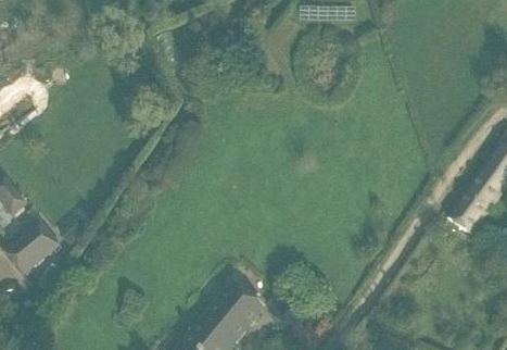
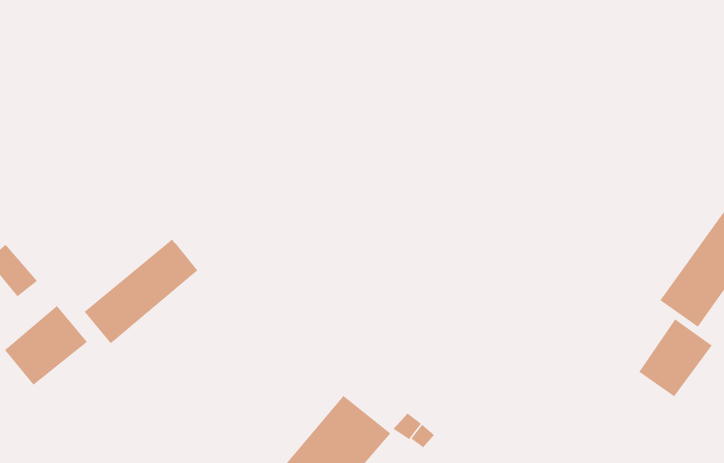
building: none -> [84,238,198,344]
building: none -> [639,319,712,397]

